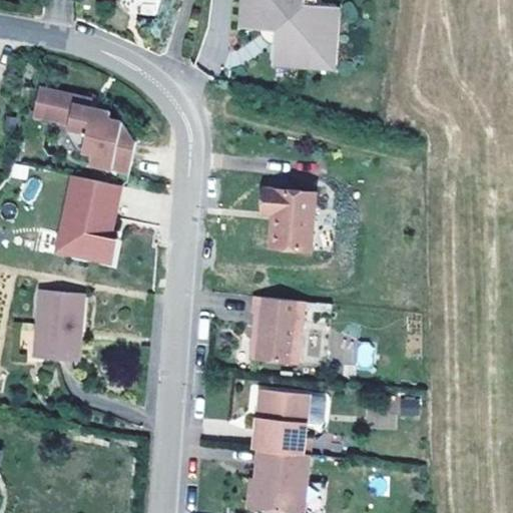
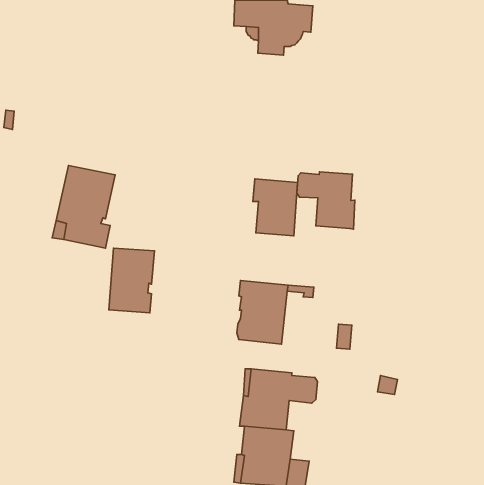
building: [271,7,339,71] -> none
building: [32,88,135,174] -> none
building: none -> [297,172,355,229]
building: [34,292,82,360] -> [109,248,154,313]

